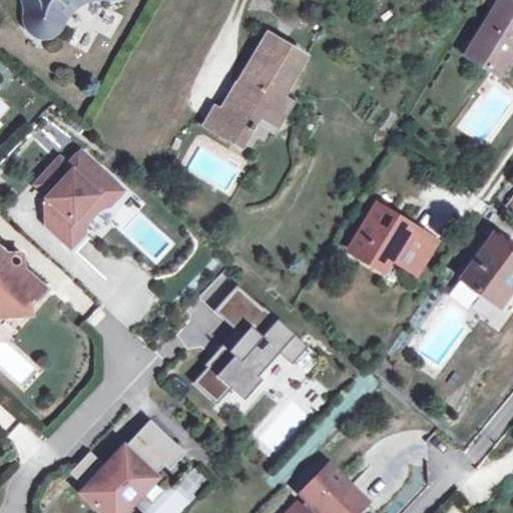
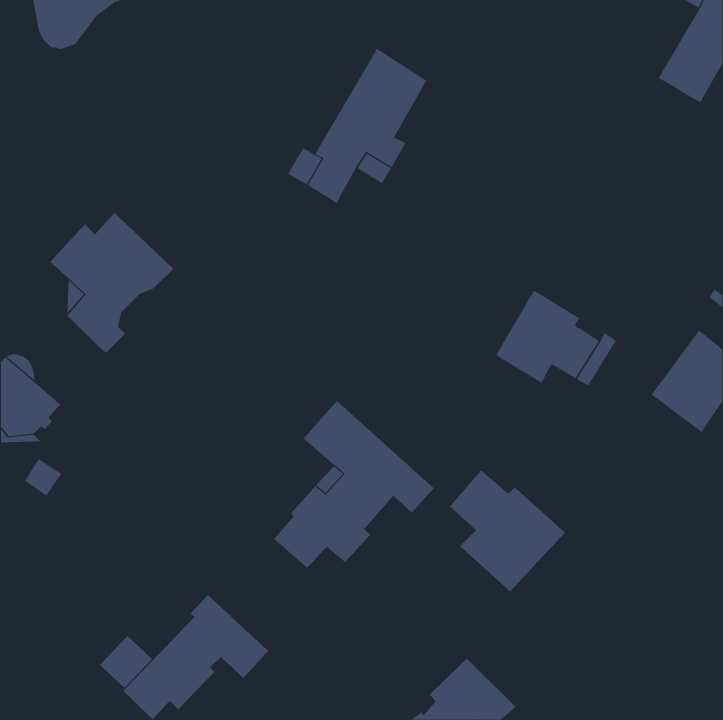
building: none -> [449,470,566,592]

